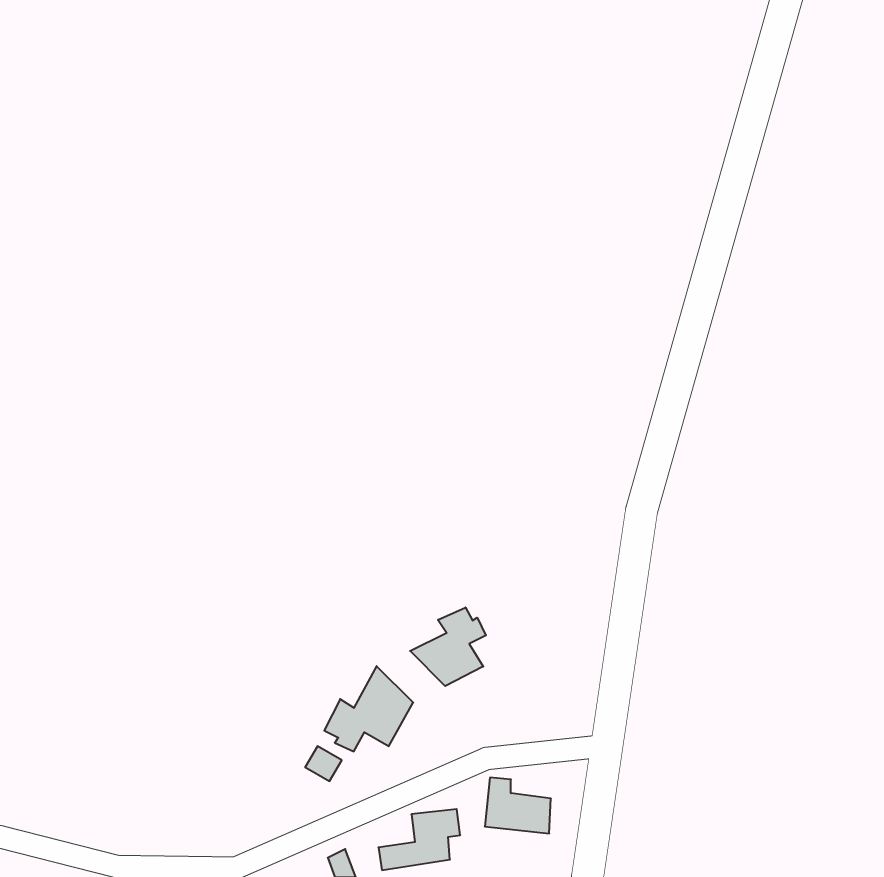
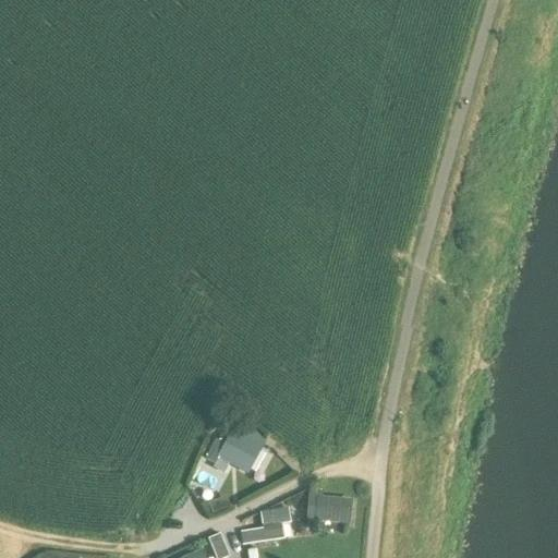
building: [410,607,486,686] -> none

